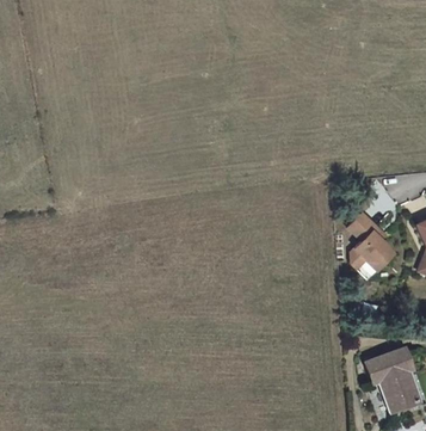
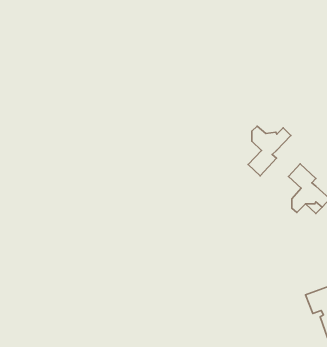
building: none -> [248,126,291,176]

